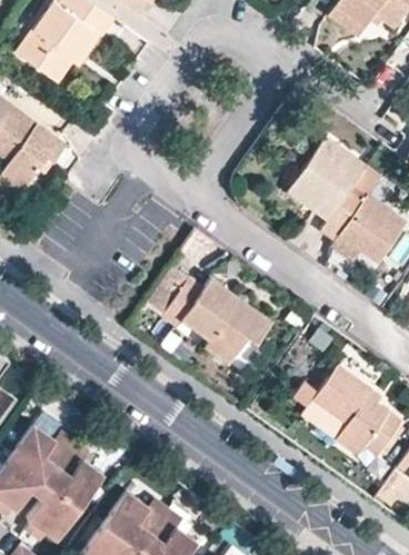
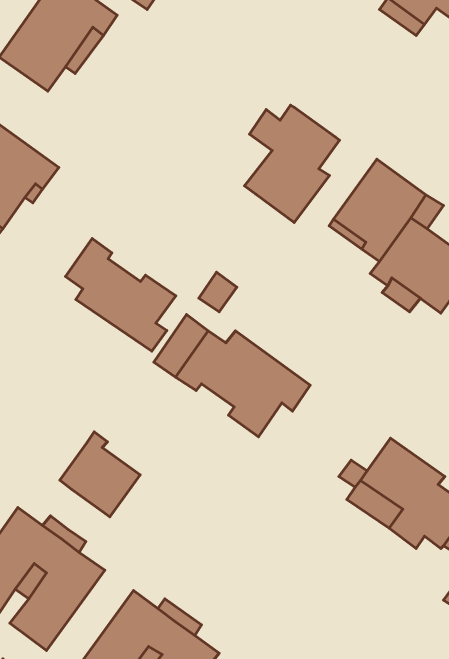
building: none -> [244,105,340,222]
building: none -> [65,238,176,351]
building: none -> [60,432,140,517]

